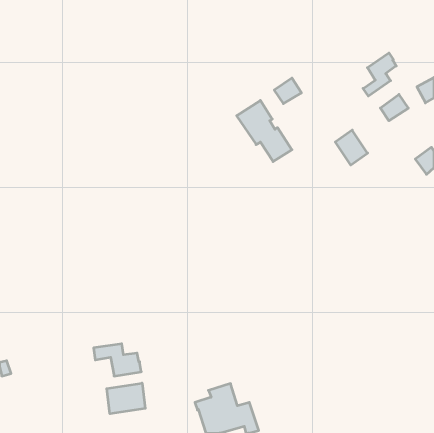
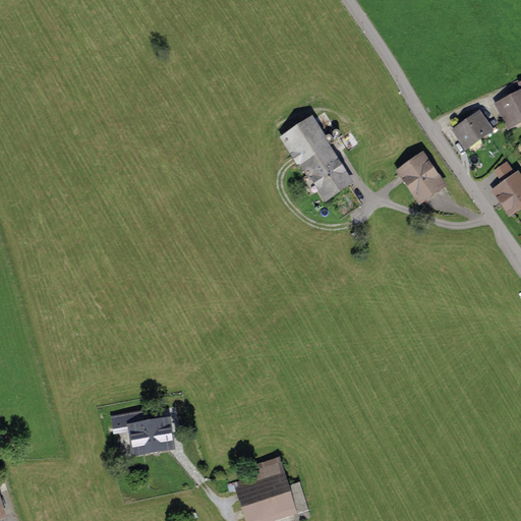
building: [363,53,396,96] -> none
building: [274,78,301,104] -> none
building: [107,383,145,414] -> none

